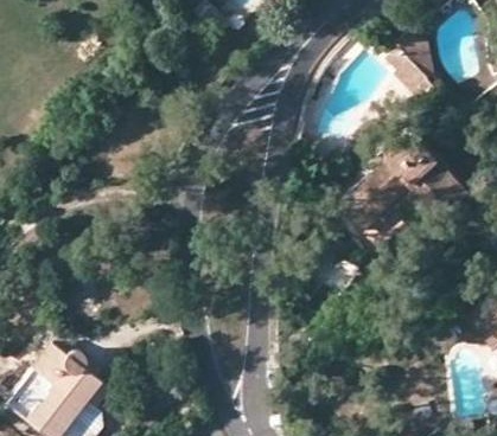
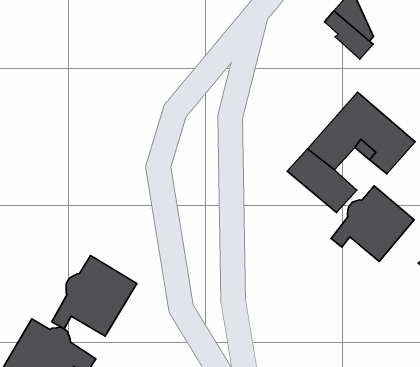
building: none -> [331,186,414,261]
building: none -> [52,255,137,336]

